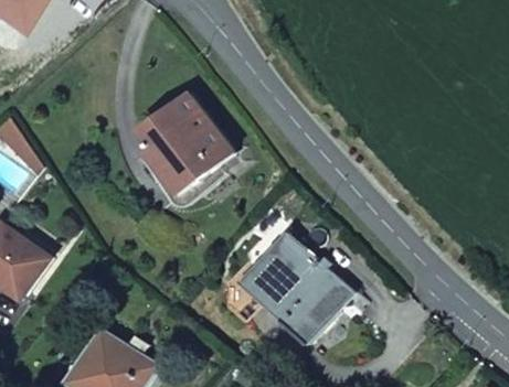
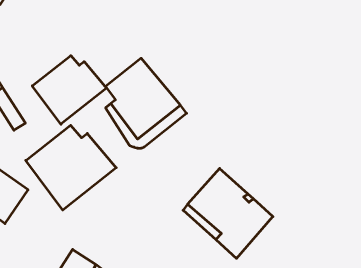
building: none -> [32,56,107,124]
building: none -> [26,125,116,210]

